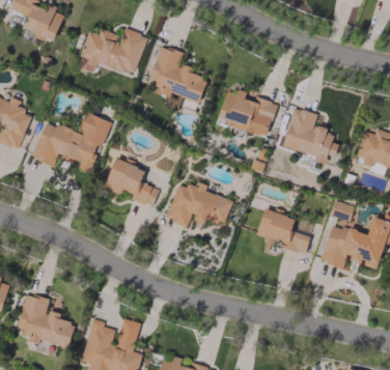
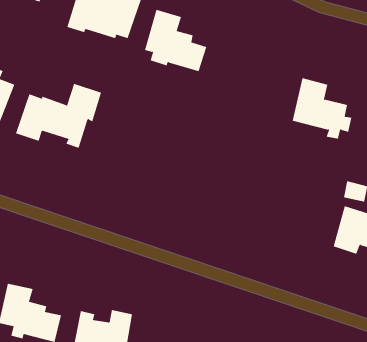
building: [217,89,276,136] -> none
building: [105,158,159,206] -> none
building: [166,180,232,226] -> none
building: [255,208,310,252] -> none

